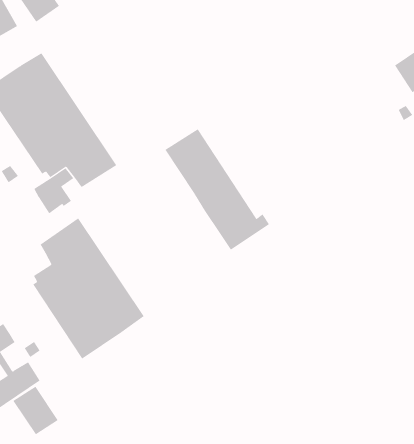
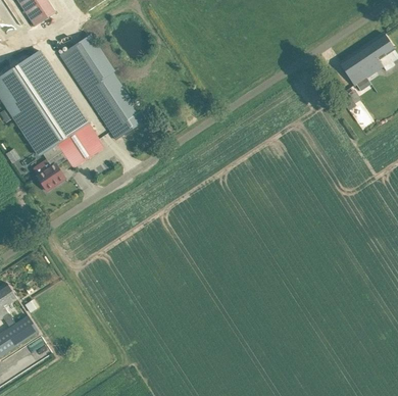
building: [164,128,270,251] -> [59,35,149,139]
building: [32,217,144,359] -> none
building: [13,386,59,435] -> none

